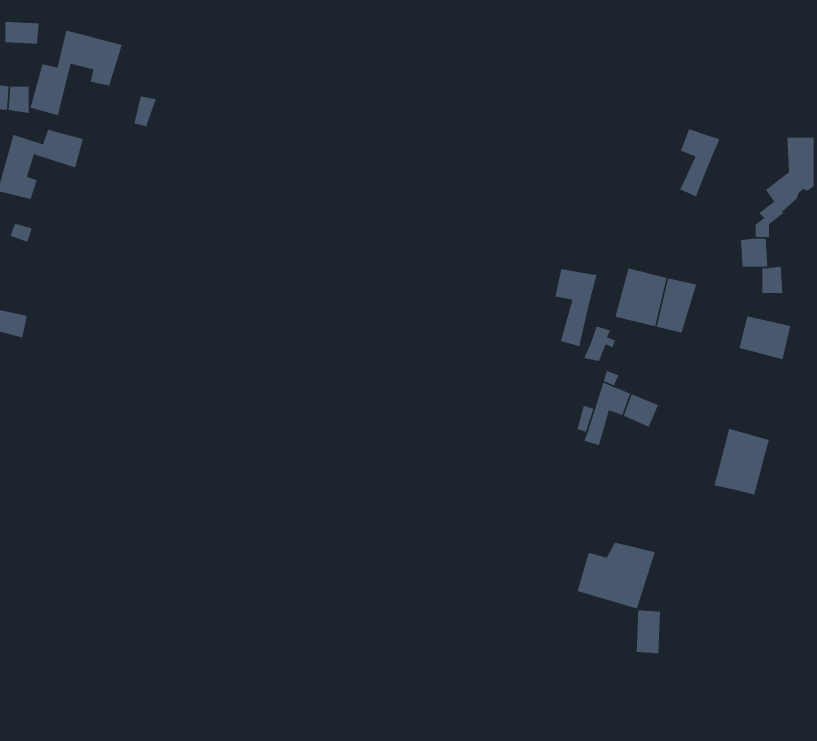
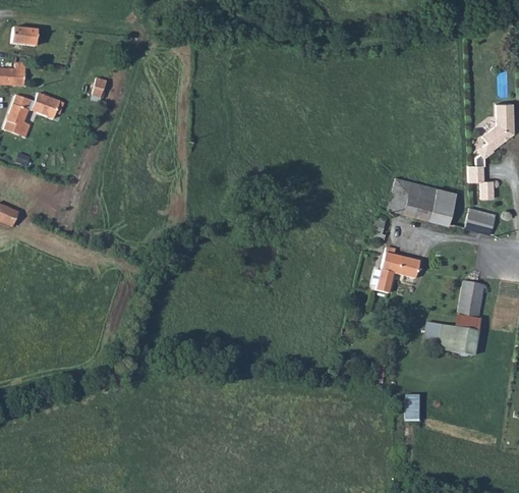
building: [29,29,123,116] -> none
building: [679,128,721,197] -> none
building: [555,268,598,347] -> none
building: none -> [431,190,460,226]
building: [576,542,656,610] -> [427,315,476,357]

